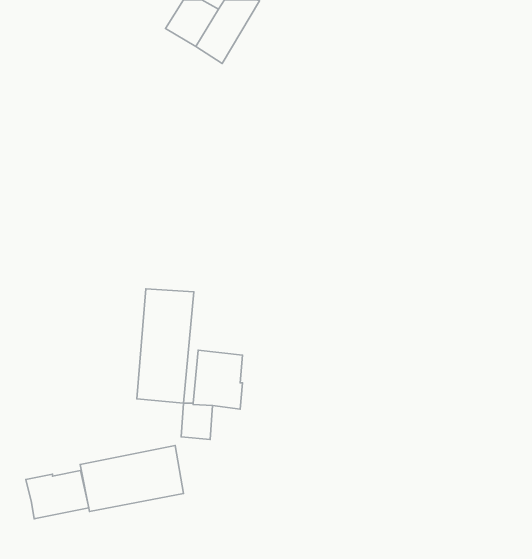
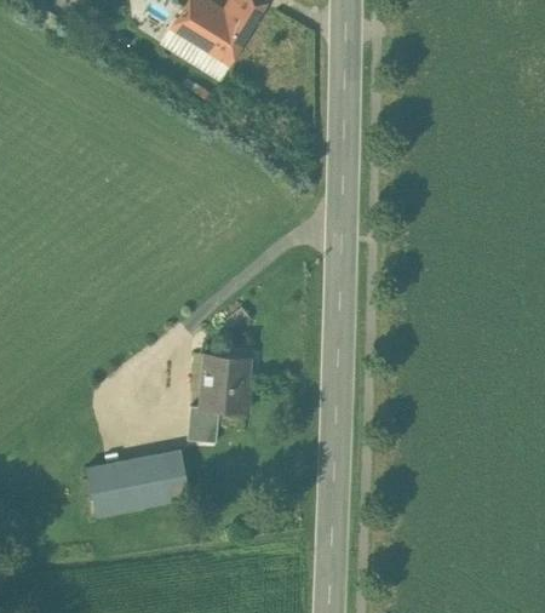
building: [137,289,194,403] -> none
building: [26,471,89,519] -> none

